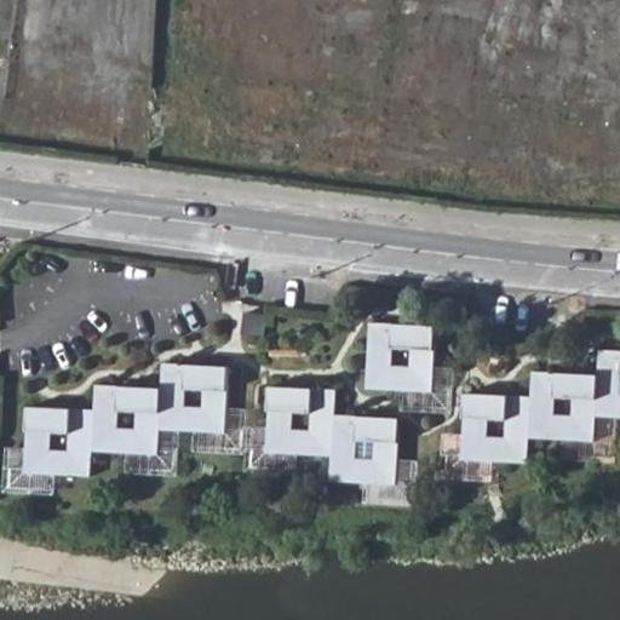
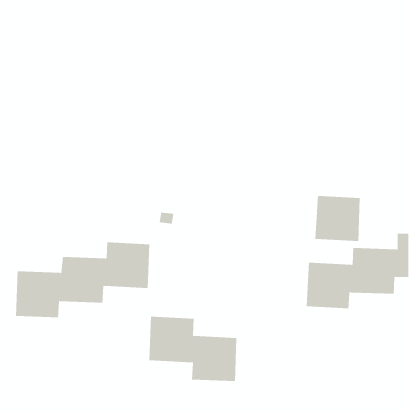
building: [363,323,432,392] -> [315,196,361,241]
building: [264,386,397,484] -> [149,316,237,381]

